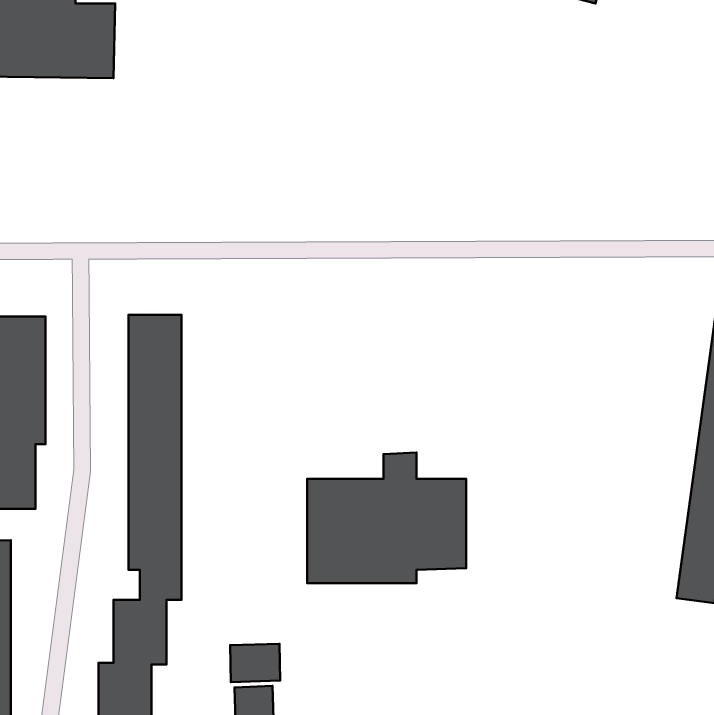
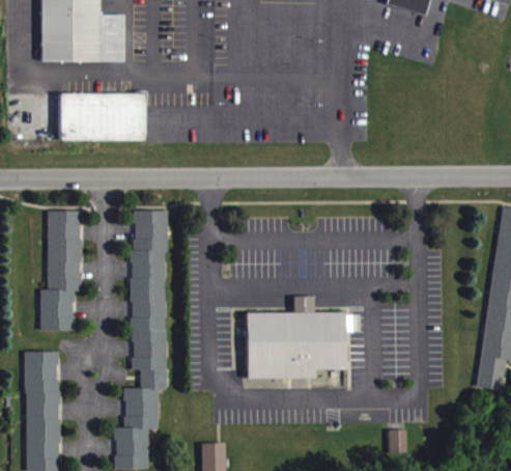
building: none -> [59,93,144,140]
building: [230,644,280,682] -> none
building: none -> [387,430,405,452]

